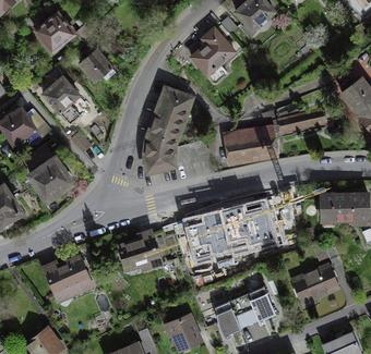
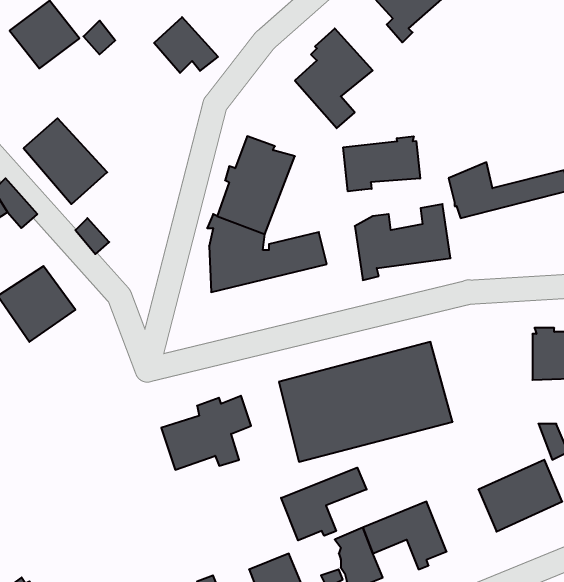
building: [80,50,115,81] -> [154,17,218,73]
building: none -> [343,136,420,191]
building: [44,256,91,301] -> none
building: none -> [281,468,367,540]

